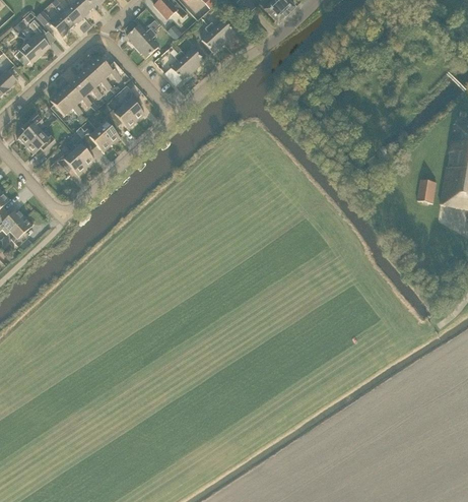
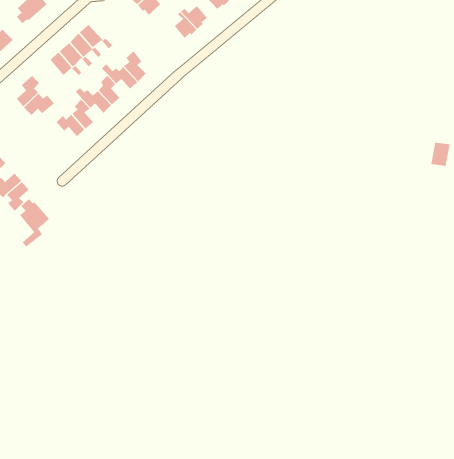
building: [88,56,123,80] -> none
building: none -> [19,198,50,248]

